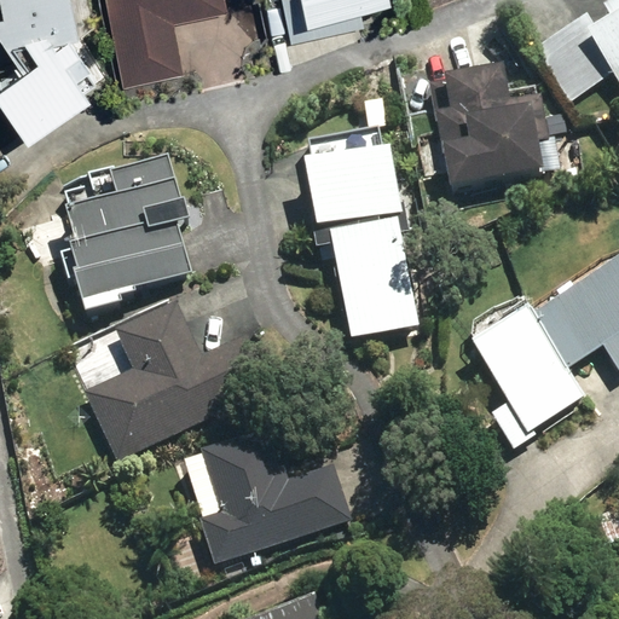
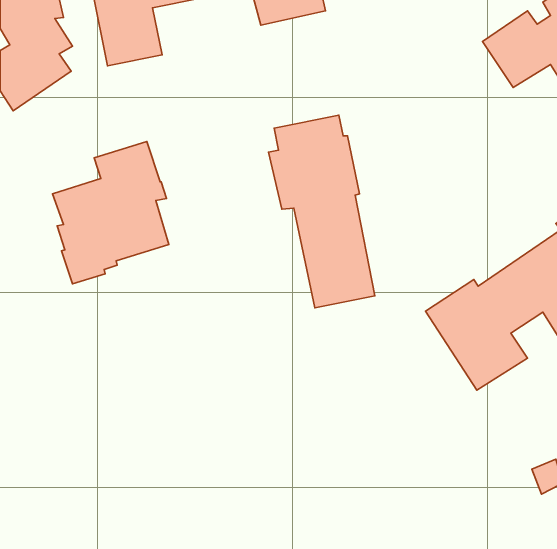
building: [429,66,555,191] -> none
building: [85,299,273,458] -> none
building: [199,432,352,562] -> none

